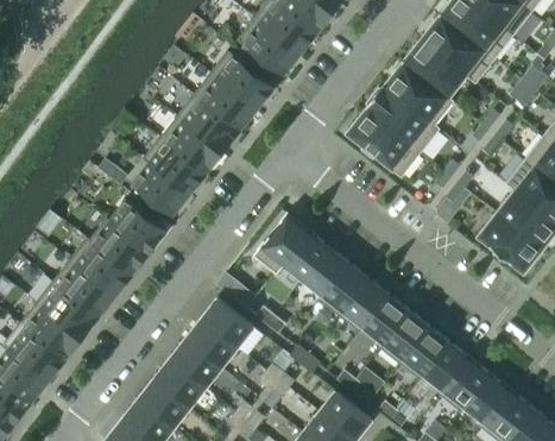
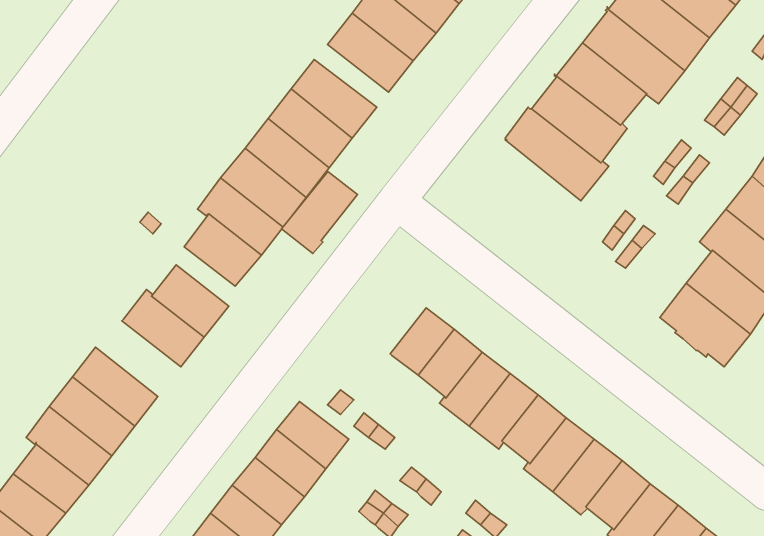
building: [347,109,421,177] -> none
building: [254,214,309,273] -> [282,171,357,254]
building: [70,238,132,295] -> none

